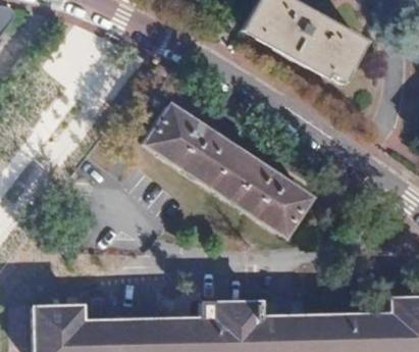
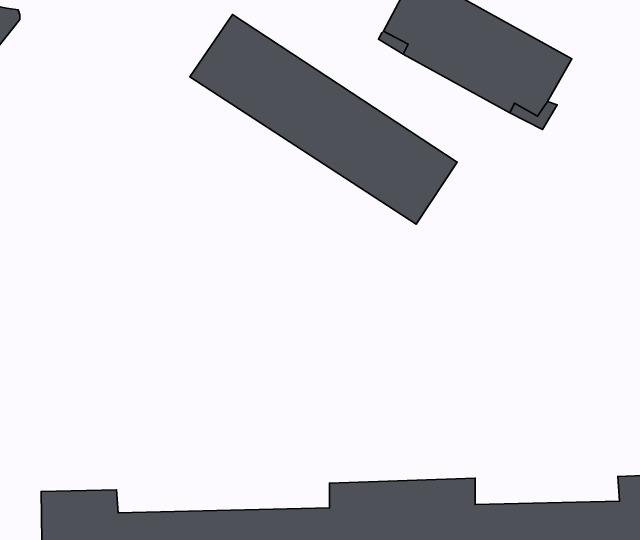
building: [145,104,311,235] -> [190,15,457,224]

